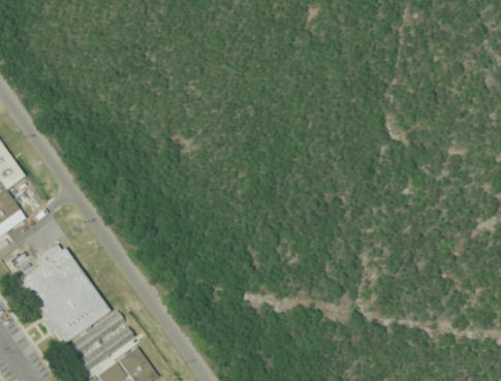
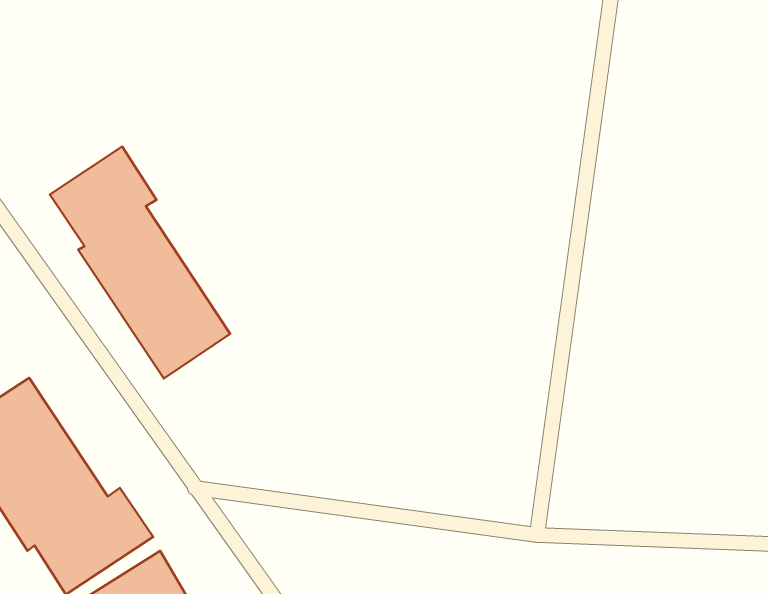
building: none -> [50,146,230,378]

